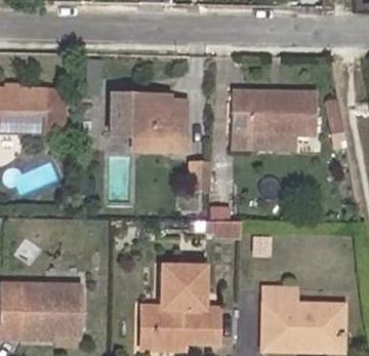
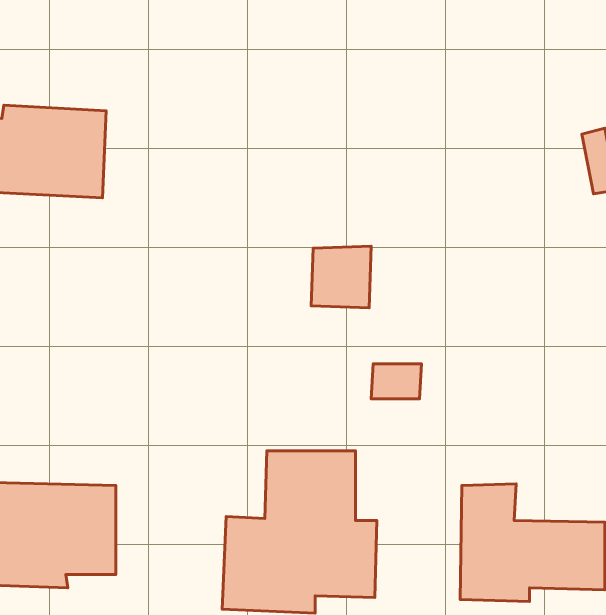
building: [235,87,322,149] -> none
building: [113,89,192,154] -> none

